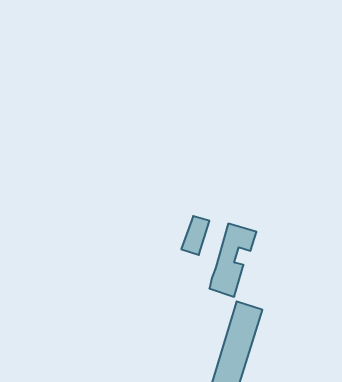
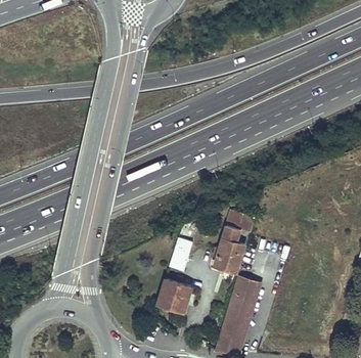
building: [181,216,209,255] -> [168,238,192,272]
building: none -> [156,279,190,312]

